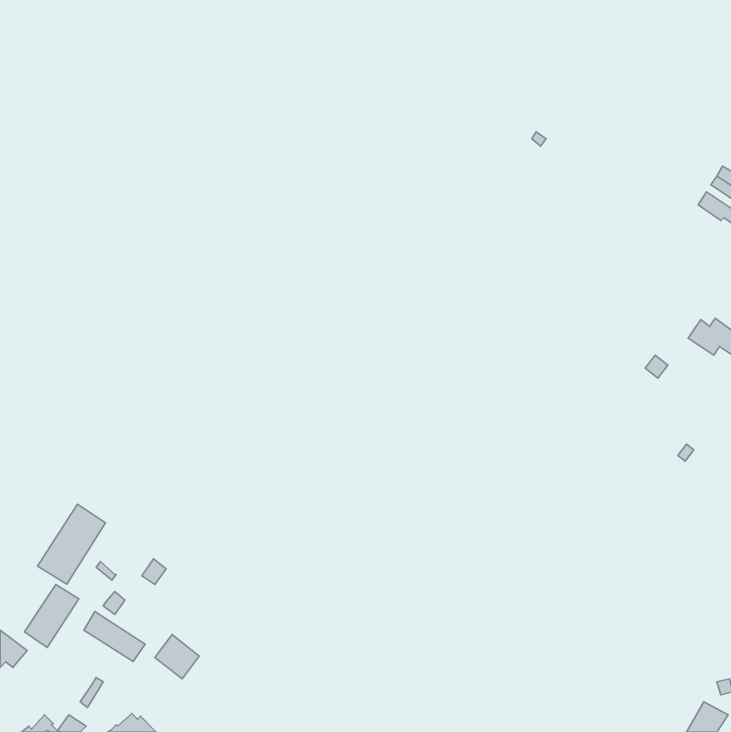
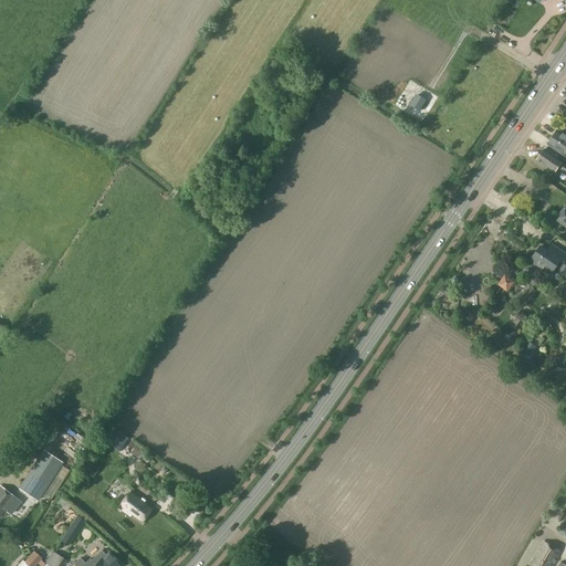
building: [37,504,105,584] -> none
building: [84,612,145,662] -> none

